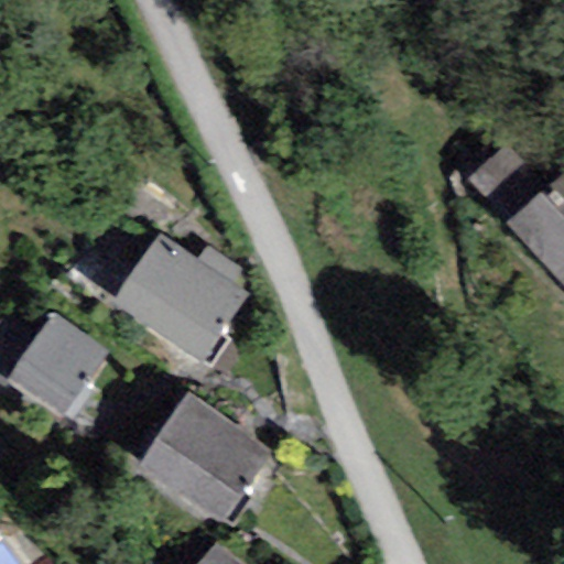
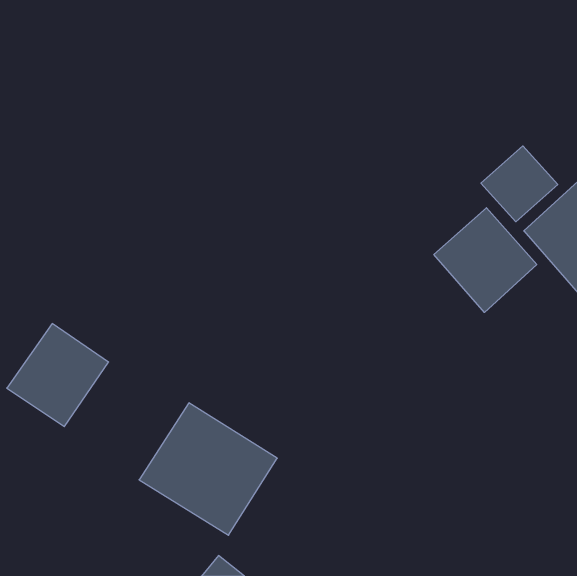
building: none -> [434,208,537,312]
building: [111,232,249,364] -> none

